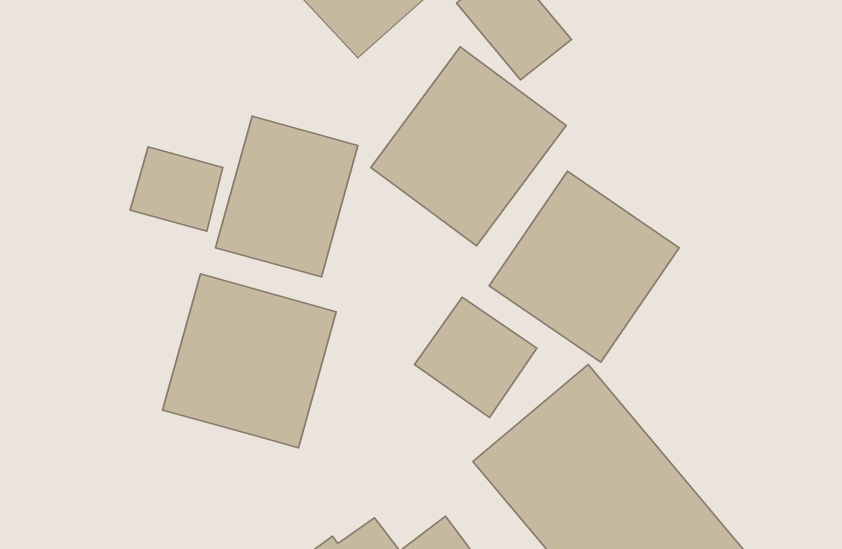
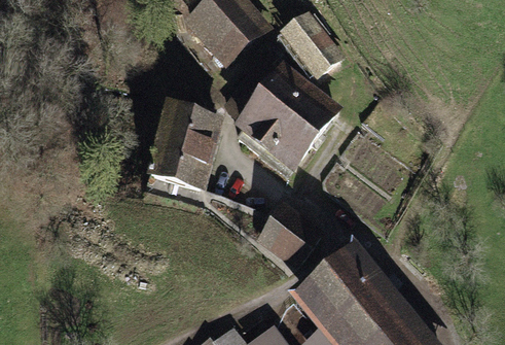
building: [130,147,223,231] -> none
building: [489,171,679,362] -> none
building: [163,274,336,448] -> none

